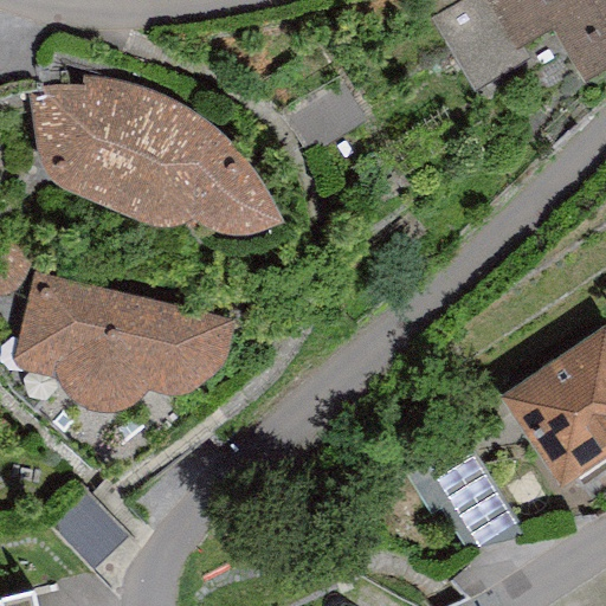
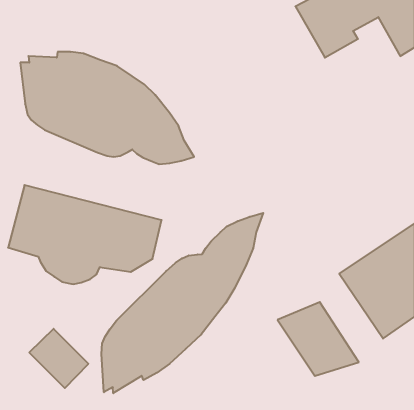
building: none -> [101,213,263,393]

